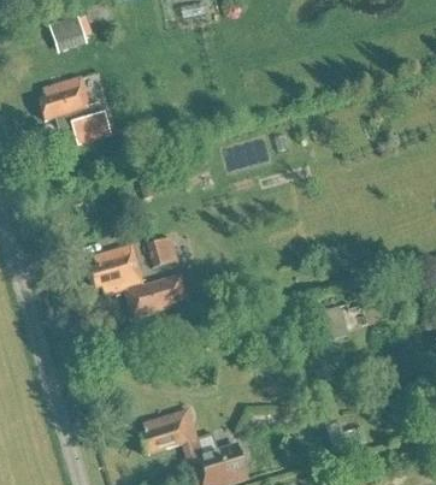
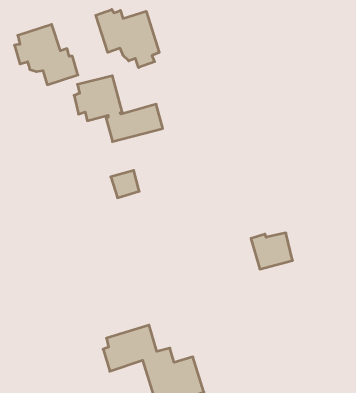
building: none -> [96,9,159,68]
building: [92,244,189,317] -> [74,76,163,142]

